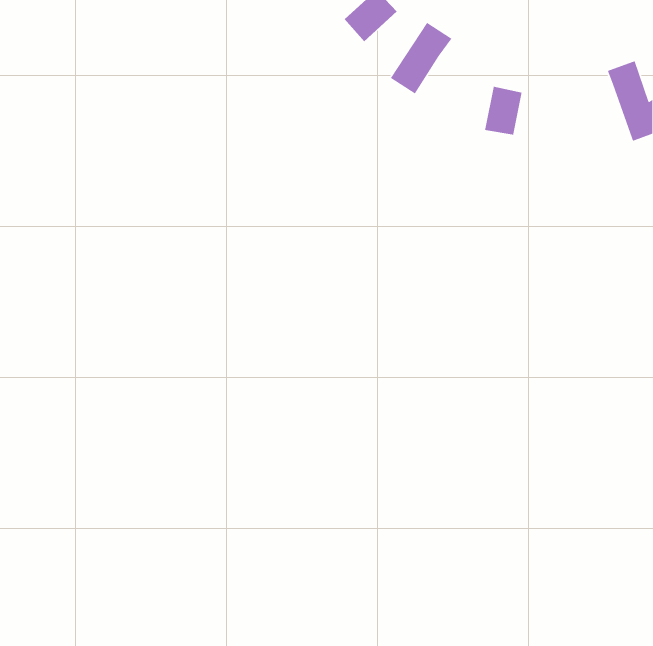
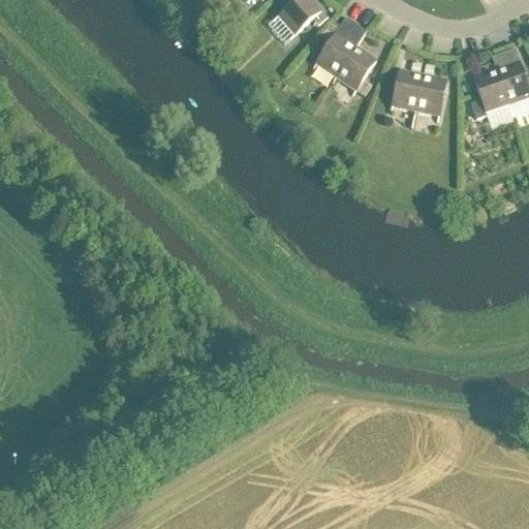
building: none -> [336,45,376,90]
building: none -> [472,68,507,111]
building: none -> [415,74,446,115]

